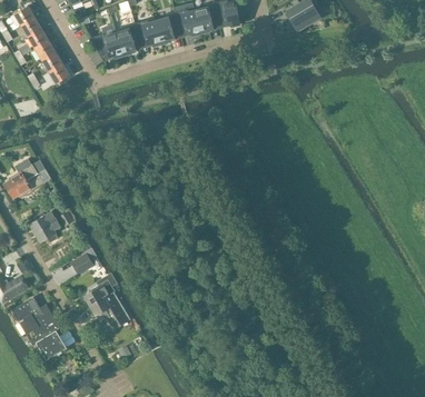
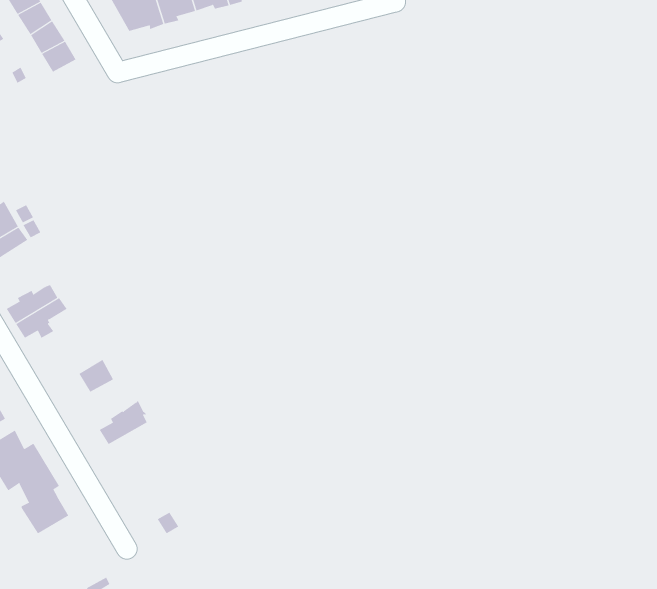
building: [89,291,129,329] -> none

